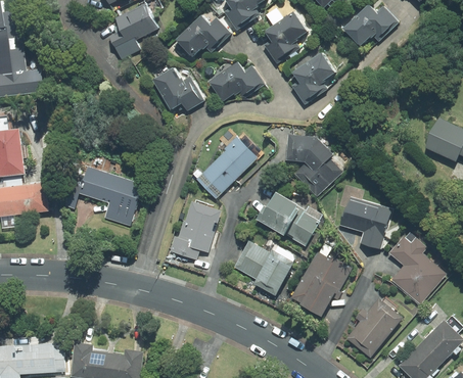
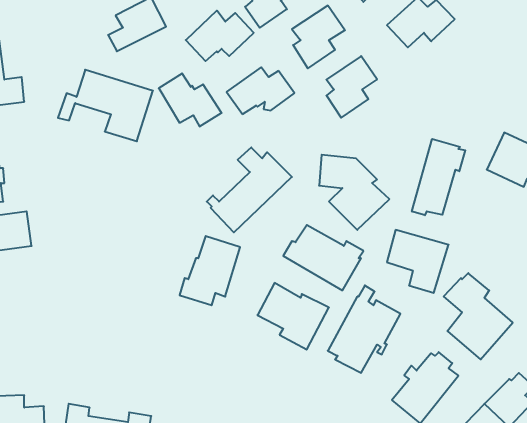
building: none -> [412,139,465,215]
building: [64,167,143,226] -> [58,70,153,141]

